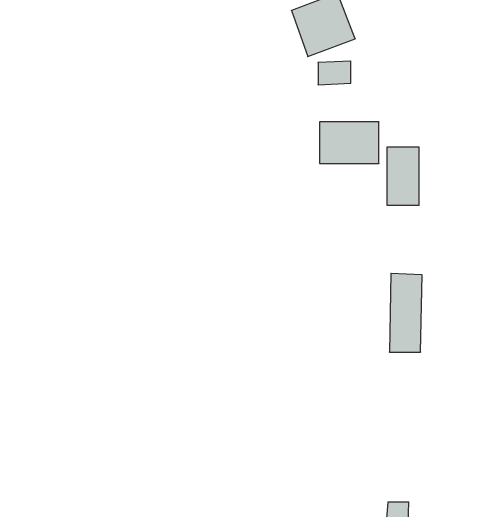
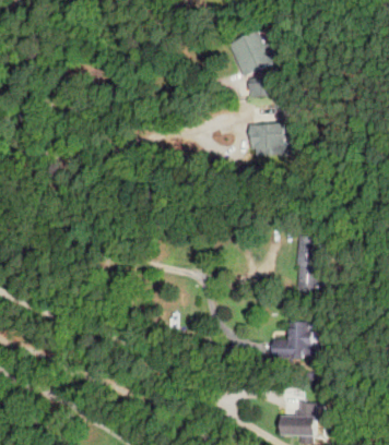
building: [387,147,419,205] -> none
building: none -> [270,322,319,358]

